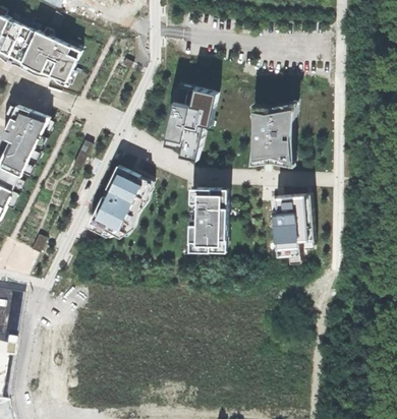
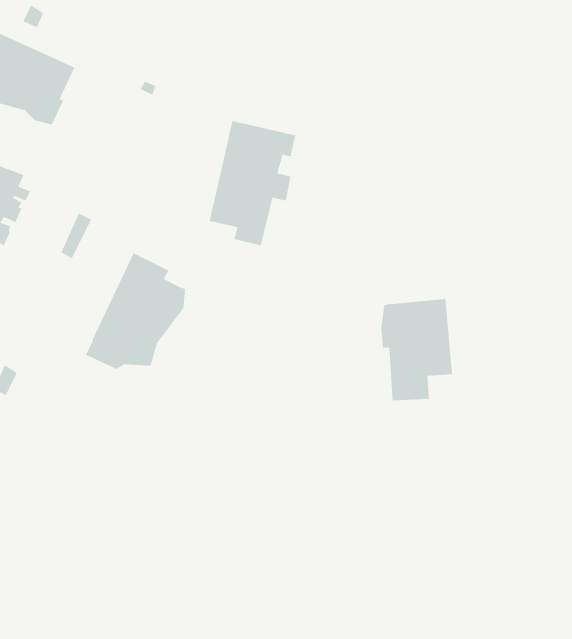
building: [249,102,295,166] -> none
building: [188,188,227,252] -> none

